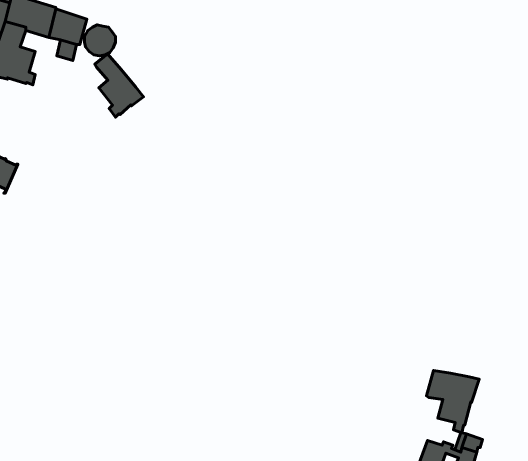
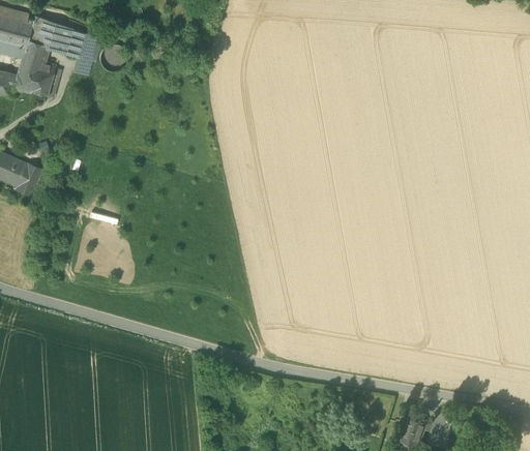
building: [95,54,144,117] -> none
building: [426,371,479,433] -> none

